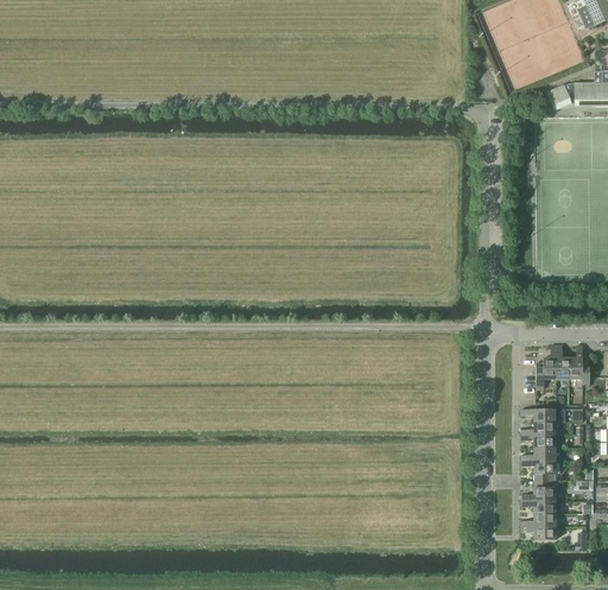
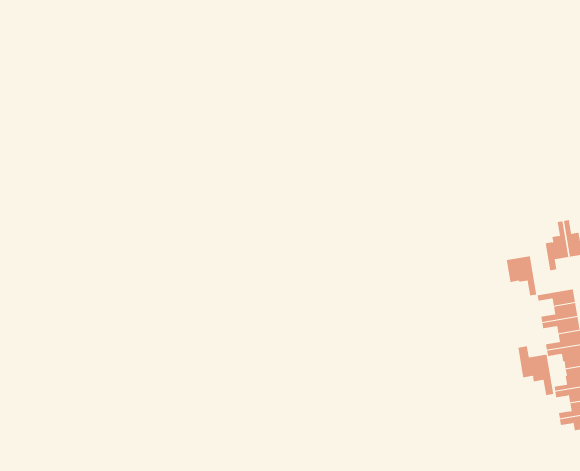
building: none -> [506,255,537,296]
building: none -> [518,345,554,396]

